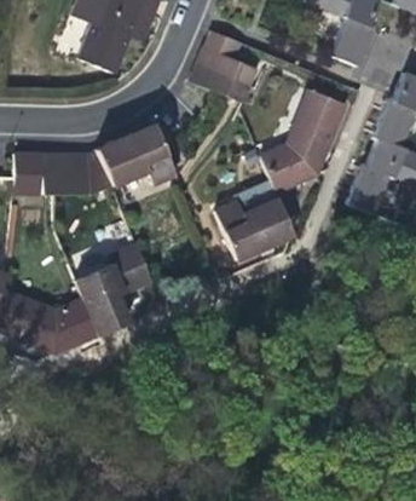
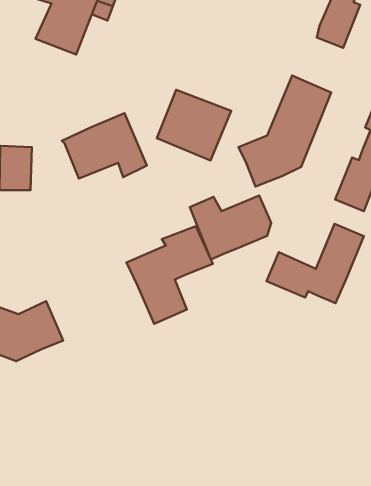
building: [193,36,262,102] -> [157,90,231,160]
building: [69,152,114,196] -> none
building: none -> [267,224,364,303]
building: [74,244,154,335] -> [127,226,213,324]

